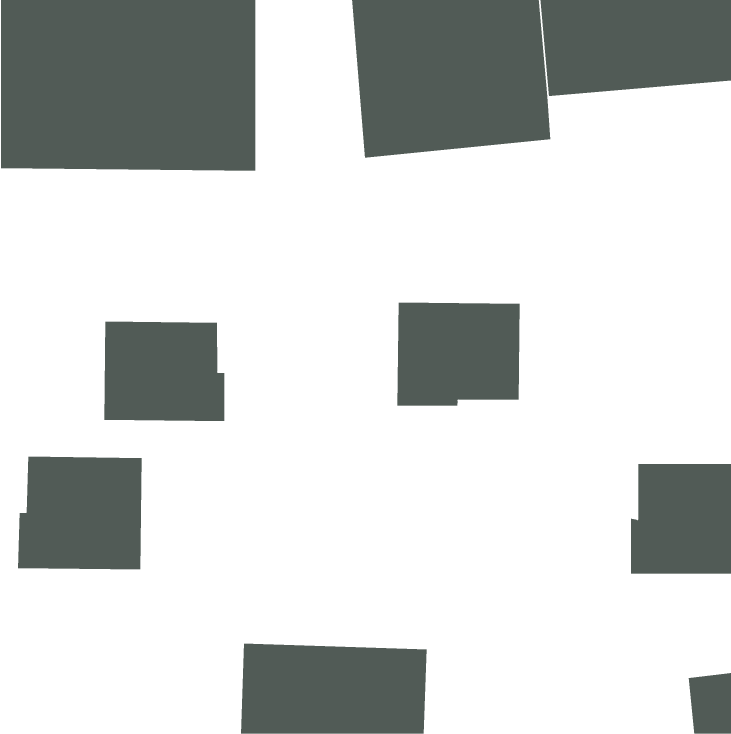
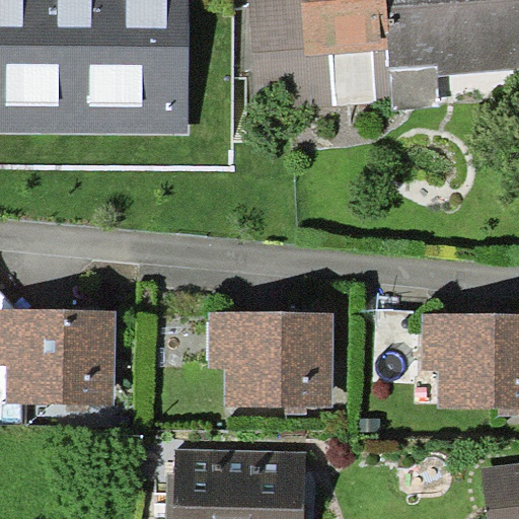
building: [397,302,520,406] -> none
building: [104,321,225,422] -> none
building: none -> [234,324,321,403]

